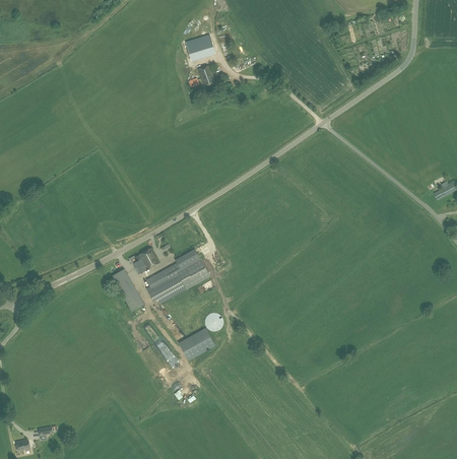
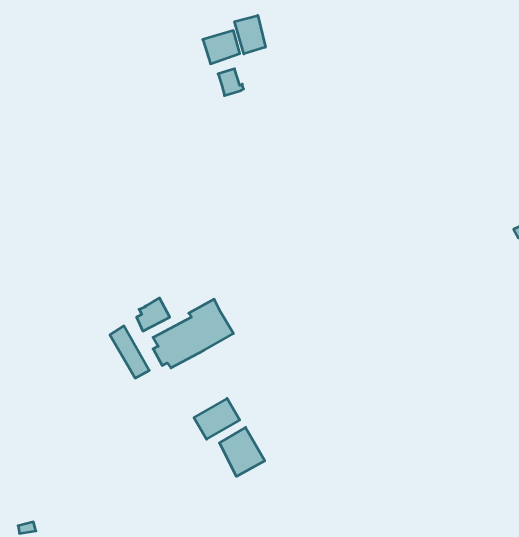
building: none -> [235,15,265,54]
building: none -> [219,427,265,476]

